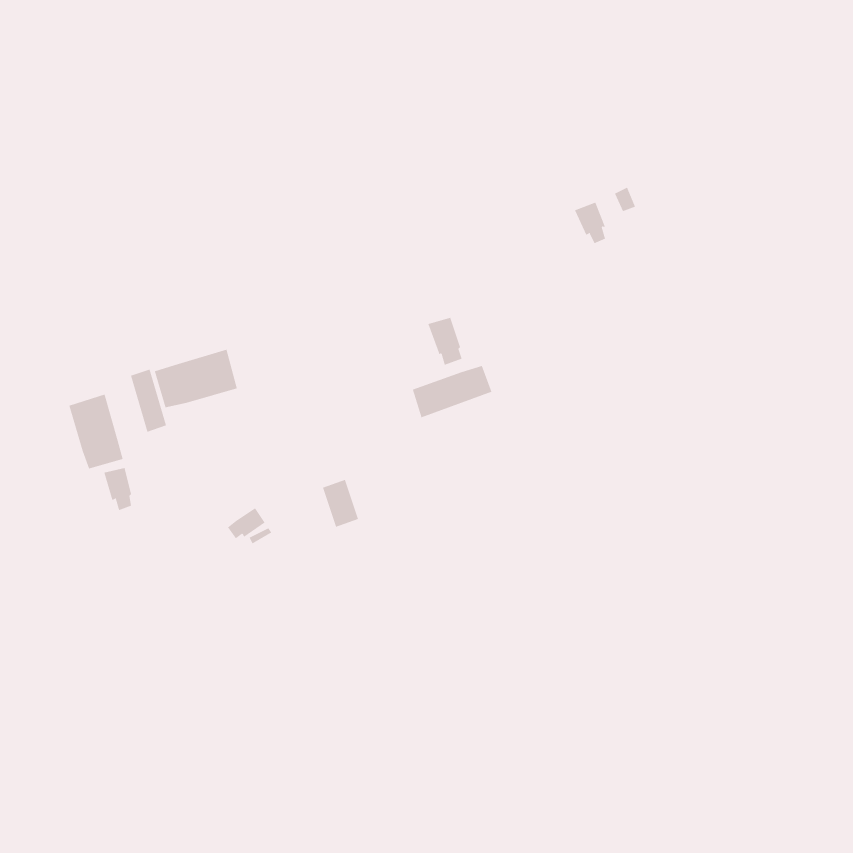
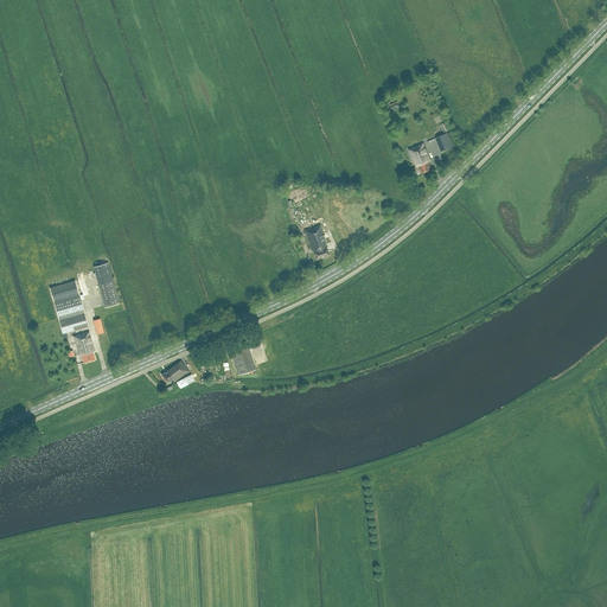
building: [154,349,237,408] -> none
building: [412,365,492,418] -> none

